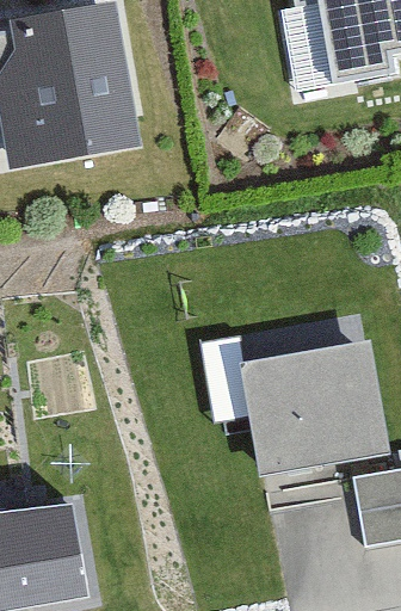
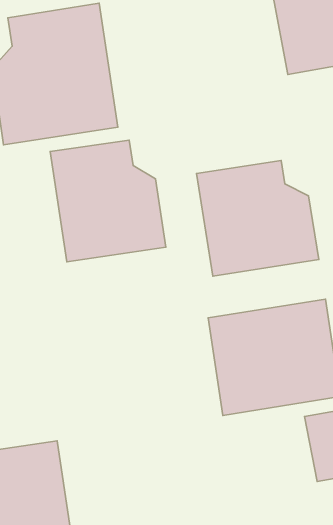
building: none -> [50,140,166,262]
building: none -> [196,160,319,276]

